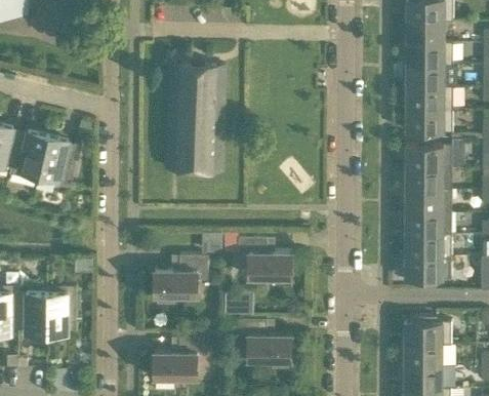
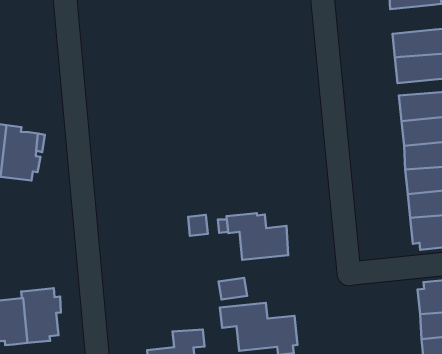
building: [165,65,225,174] -> none
building: [405,67,444,89] -> none
building: [154,256,207,305] -> none

